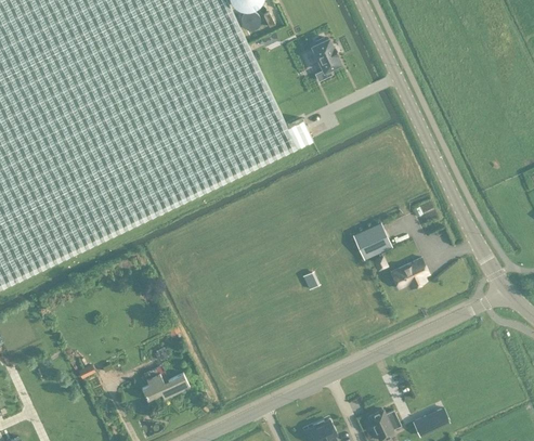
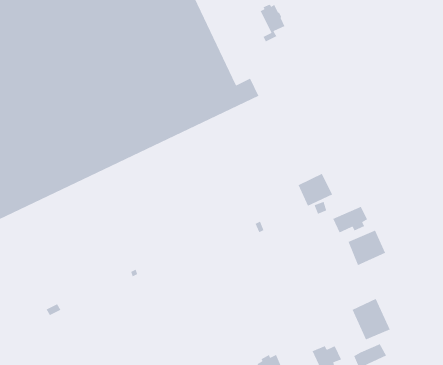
building: none -> [348,230,386,266]
building: none -> [351,298,391,341]
building: [141,373,188,400] -> none

